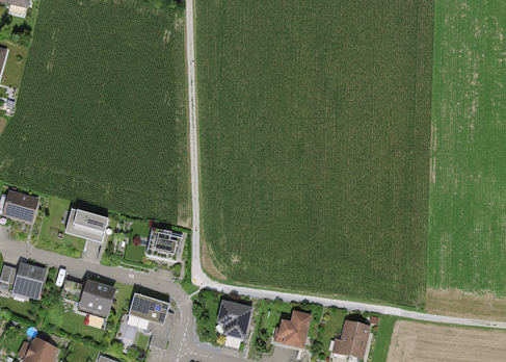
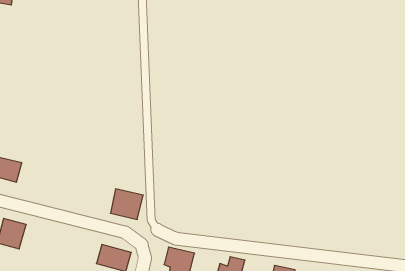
building: [66,211,110,244] -> none
building: [81,282,117,317] -> none

